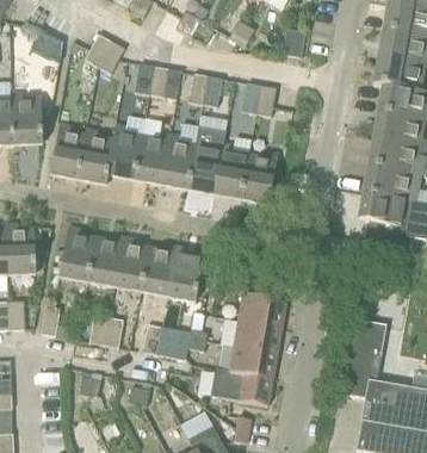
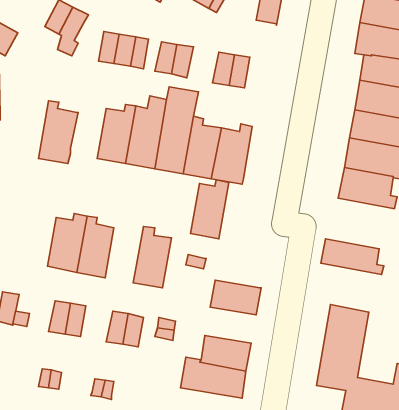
building: [50,103,91,181] -> none
building: [109,113,146,181] -> none
building: [58,224,95,281] -> none
building: [141,242,177,297] -> [190,180,229,239]
building: none -> [321,239,384,275]
building: [234,319,281,353] -> none

